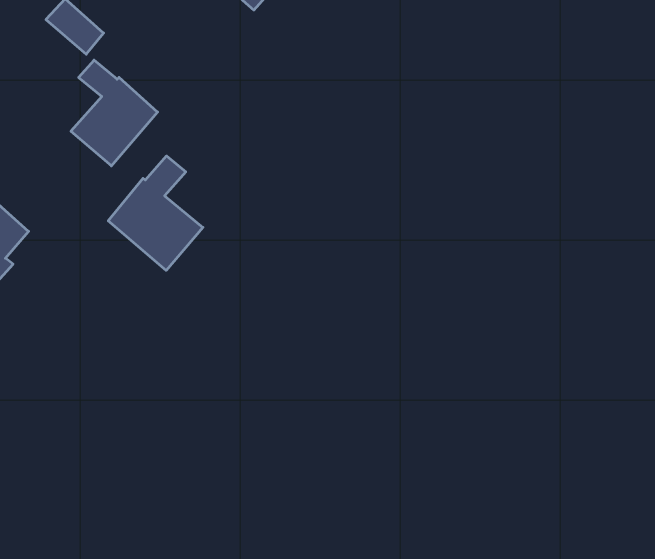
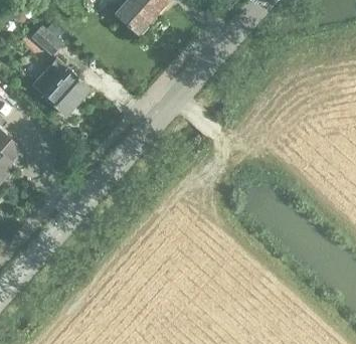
building: [108,156,203,270] -> none

